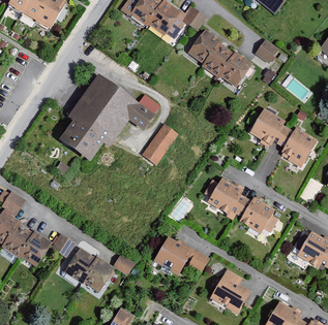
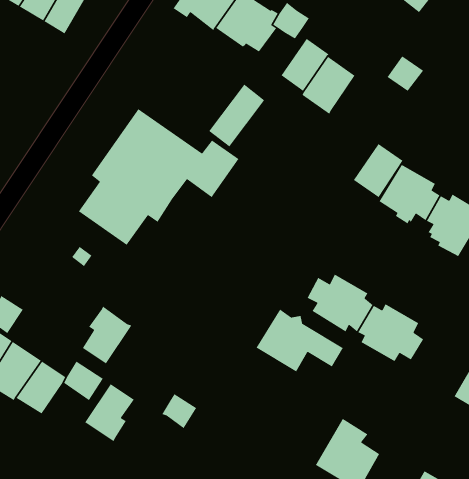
building: [219,52,251,87] -> [353,143,404,198]
building: [142,124,178,164] -> [208,84,265,148]
building: [152,235,208,275] -> [255,309,344,372]
building: [83,255,115,292] -> [82,306,132,364]

